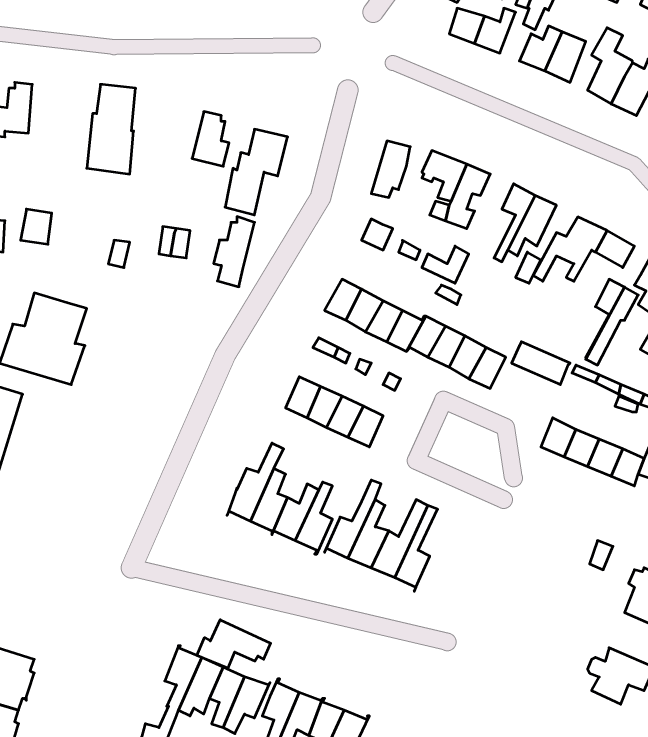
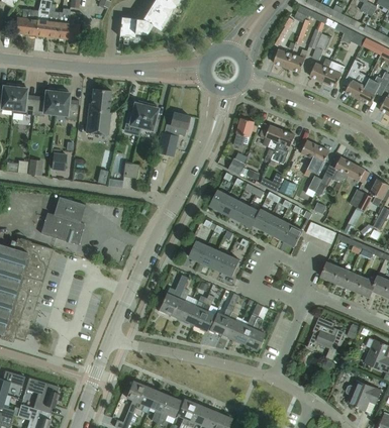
building: none -> [56,89,79,120]
building: [214,217,255,287] -> [125,100,147,136]
building: none -> [307,317,345,360]
building: [197,620,271,668] -> none

